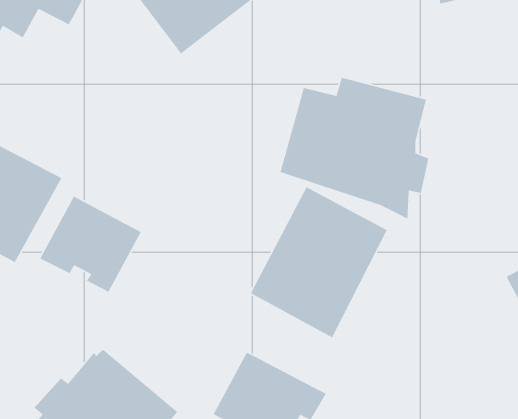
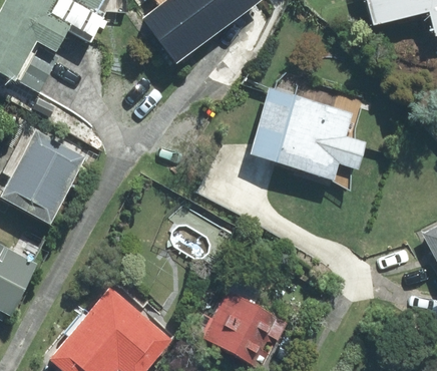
building: [250,186,388,339] -> none
building: [39,196,142,293] -> none

